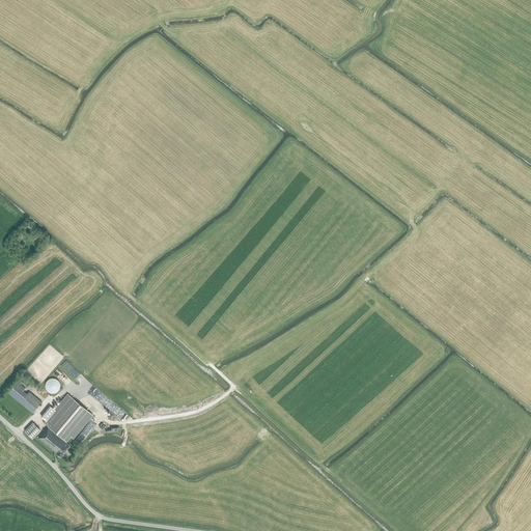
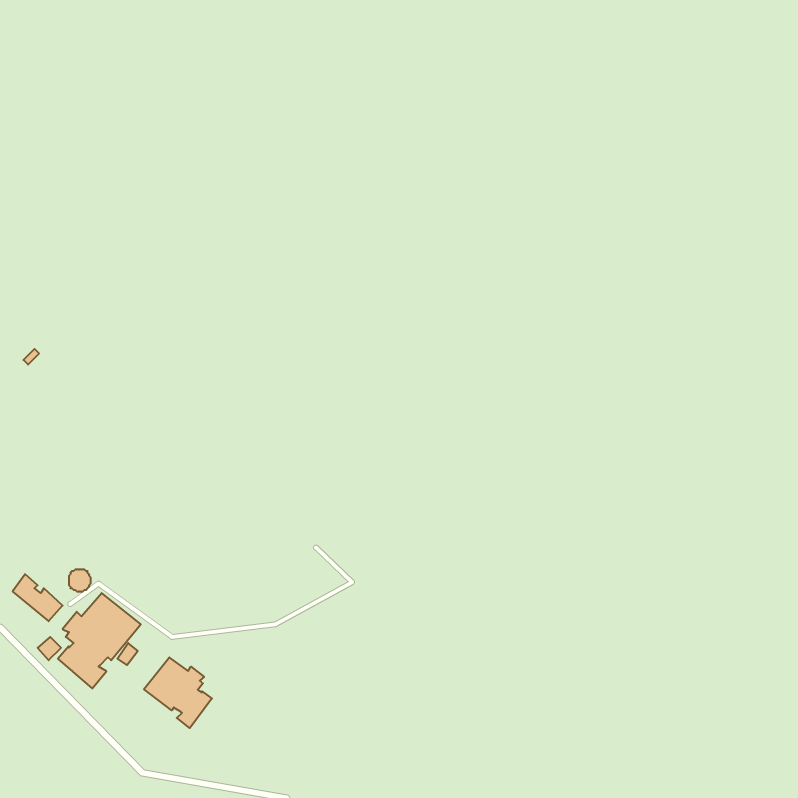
building: none -> [144,657,212,728]

